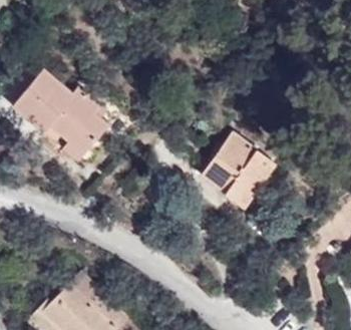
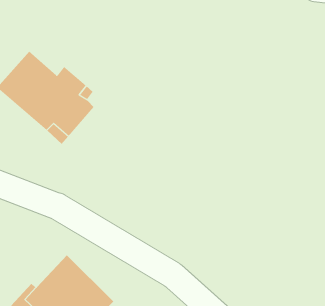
building: [202,133,275,207] -> none

